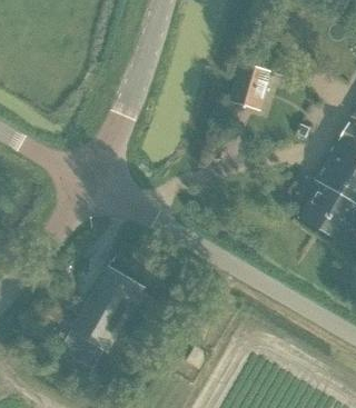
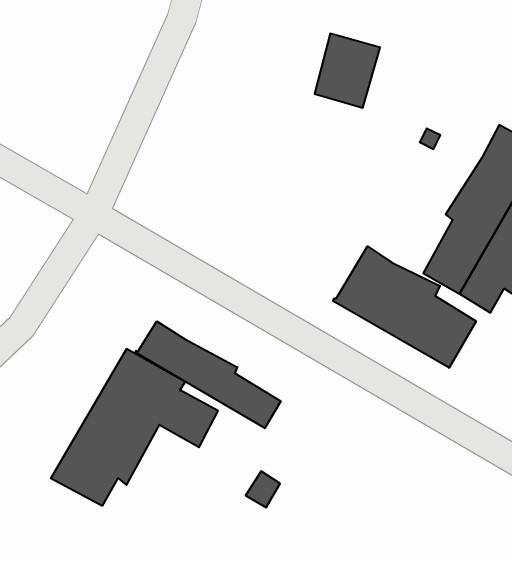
building: none -> [333,246,476,368]
building: none -> [135,321,281,428]

